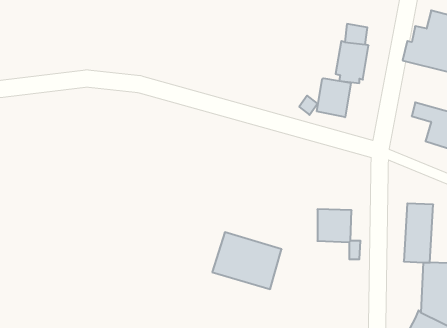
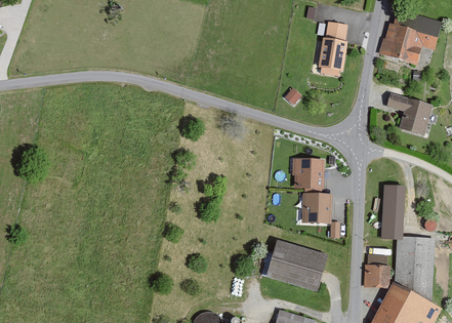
building: [317,78,351,117] -> none
building: none -> [290,154,323,186]
building: [212,232,282,289] -> [265,240,328,291]
building: none -> [363,265,389,288]

